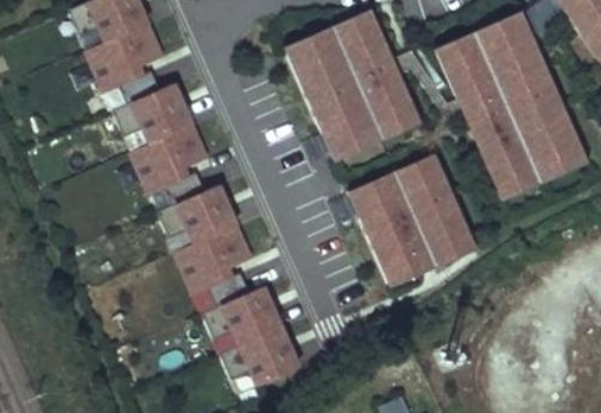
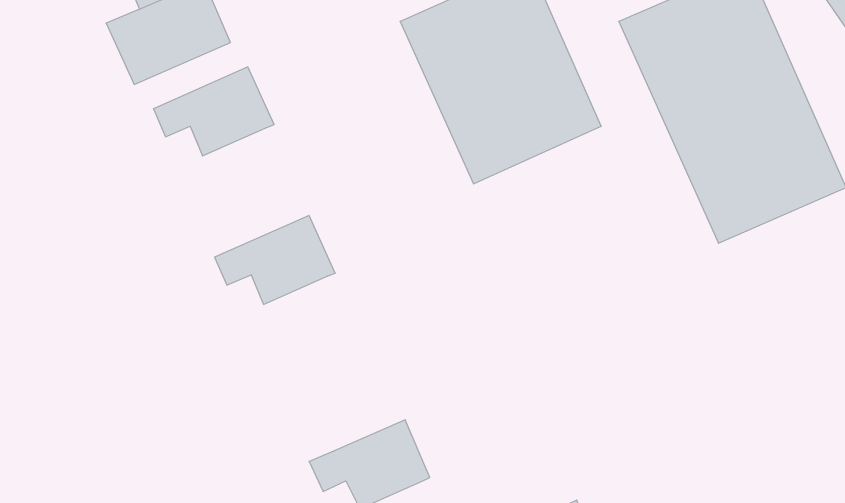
building: [127,123,211,193] -> none
building: [346,151,477,292] -> none
building: [169,224,253,294] -> none
building: [205,282,287,343] -> none

